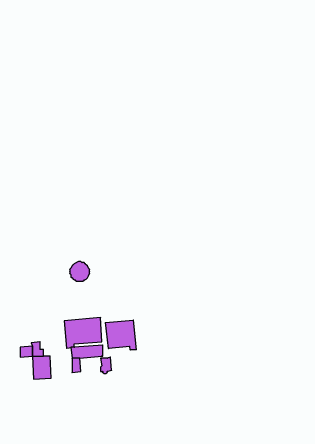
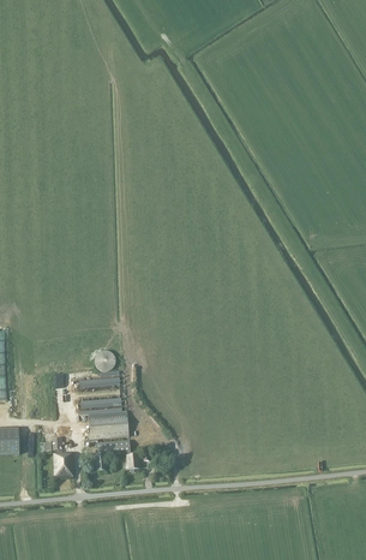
building: [105,320,136,350] -> none

